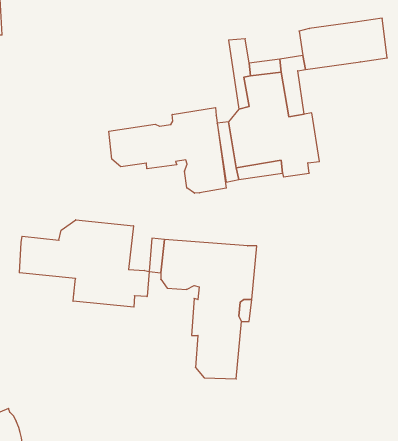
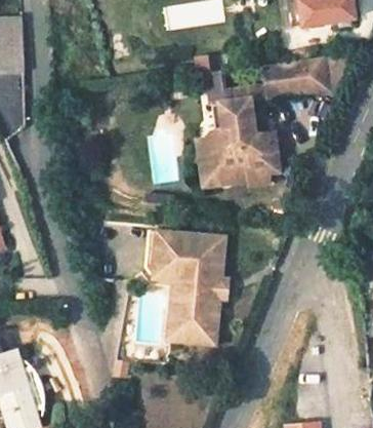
building: [109,108,226,193] -> none
building: [19,220,149,307] -> none

